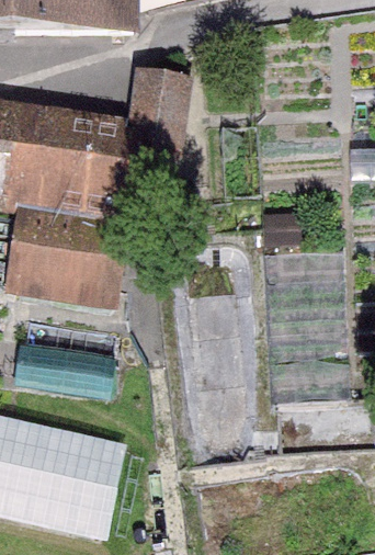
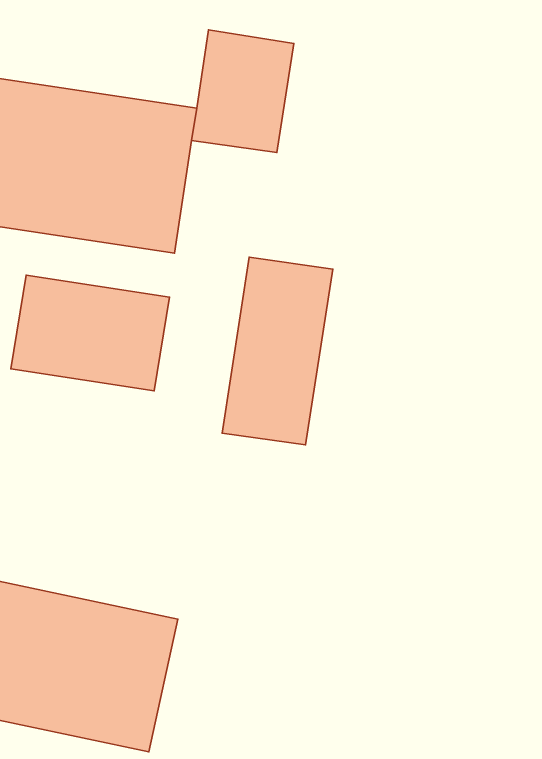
building: none -> [222,257,333,445]

